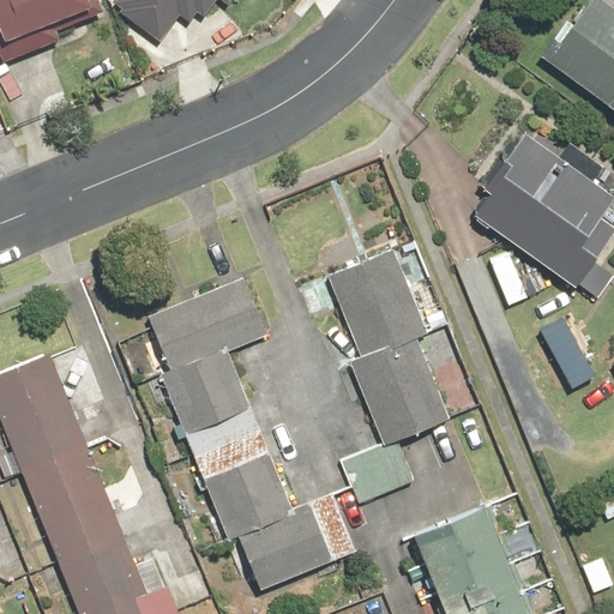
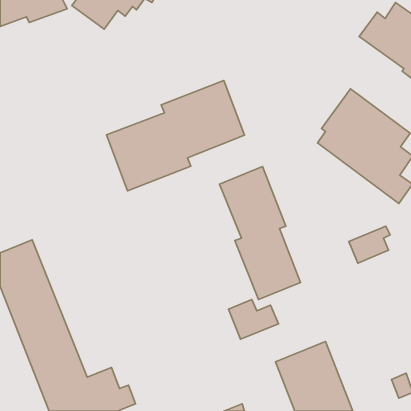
building: none -> [107,81,245,191]
building: [149,277,360,591] -> none

